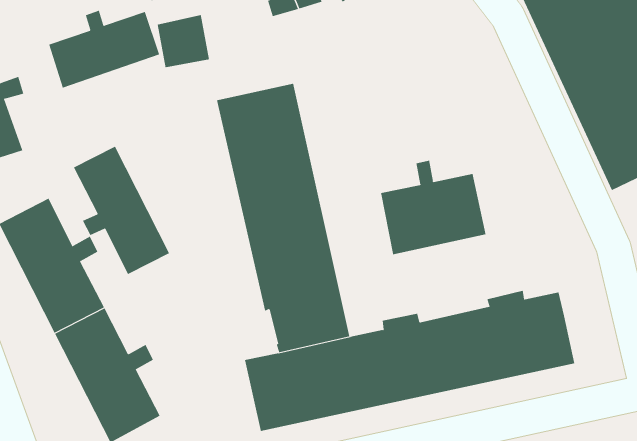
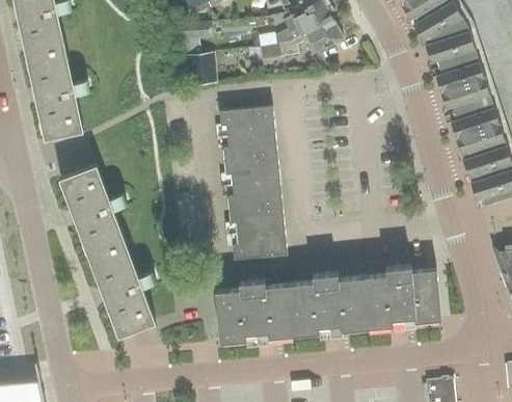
building: [49,10,160,88] -> none
building: [73,146,170,275] -> none
building: [381,160,486,255] -> none

